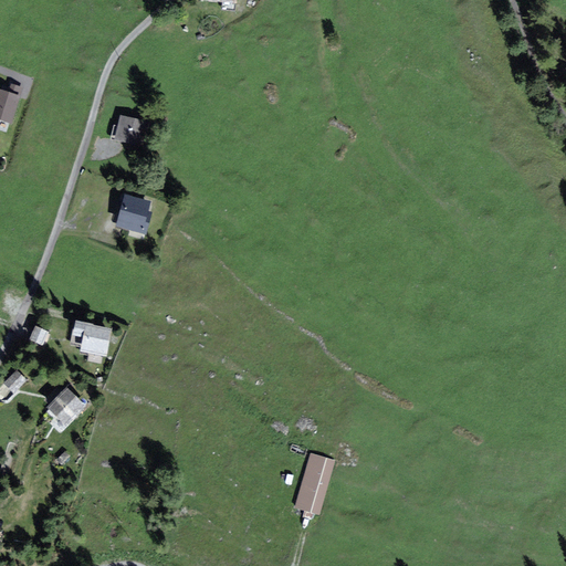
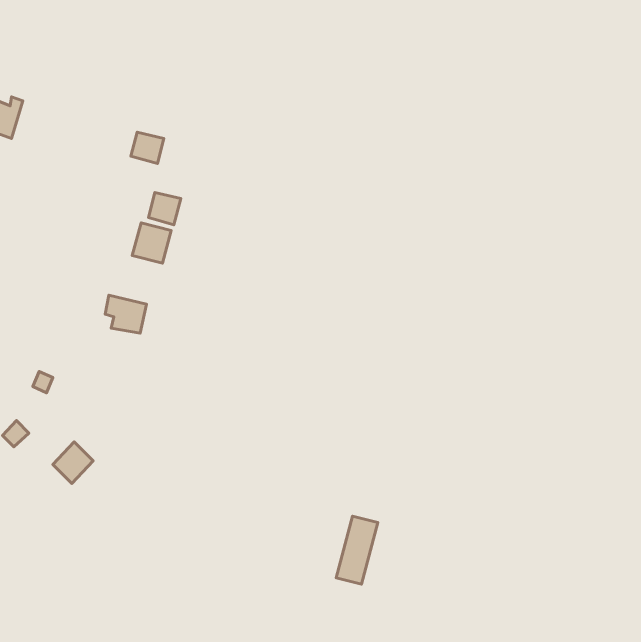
building: none -> [148,193,181,225]
building: [72,322,108,355] -> [105,295,147,333]

